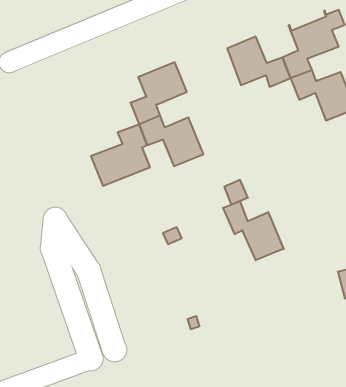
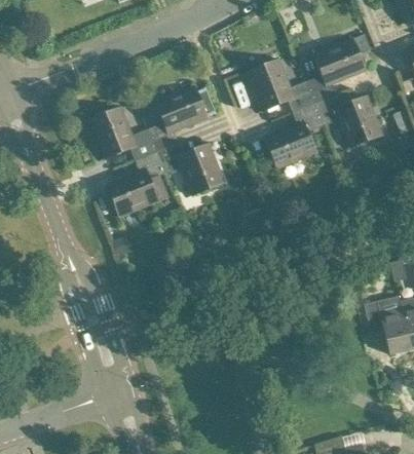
building: none -> [267,103,326,167]
building: none -> [92,107,159,159]
building: [223,201,284,260] -> none

